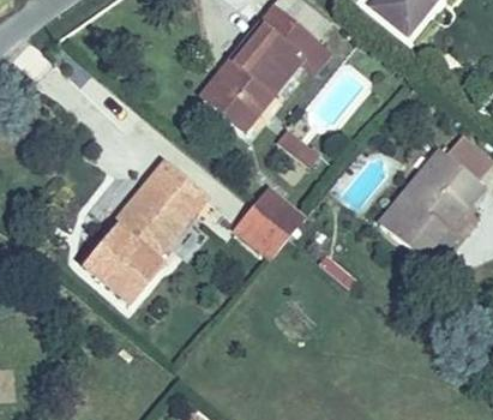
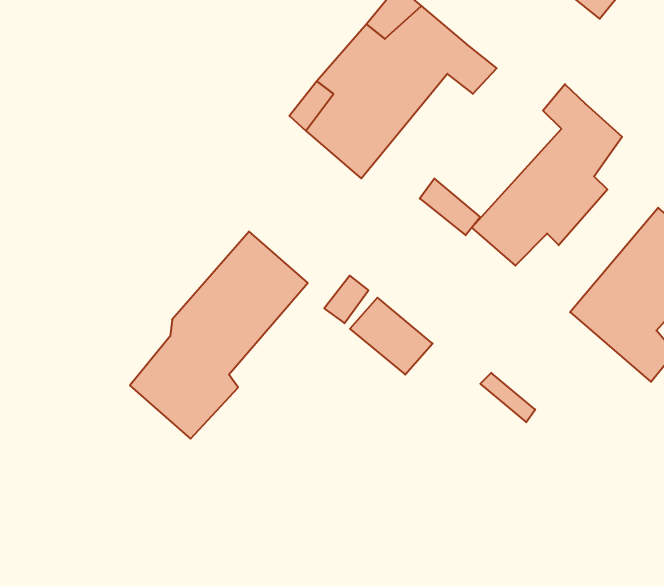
building: none -> [472,84,622,266]
building: [254,187,308,239] -> none

